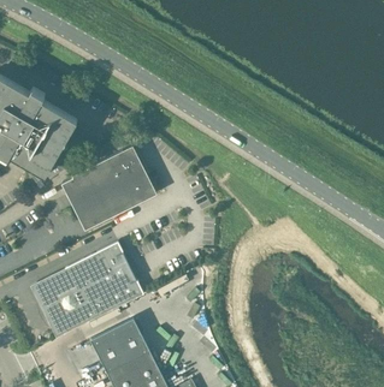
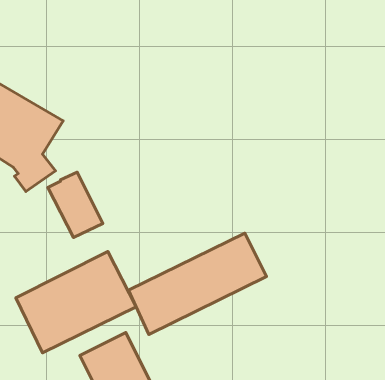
building: [88,145,156,216] -> none
building: none -> [128,233,266,334]

